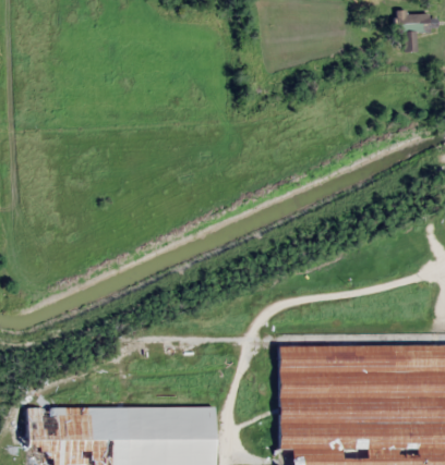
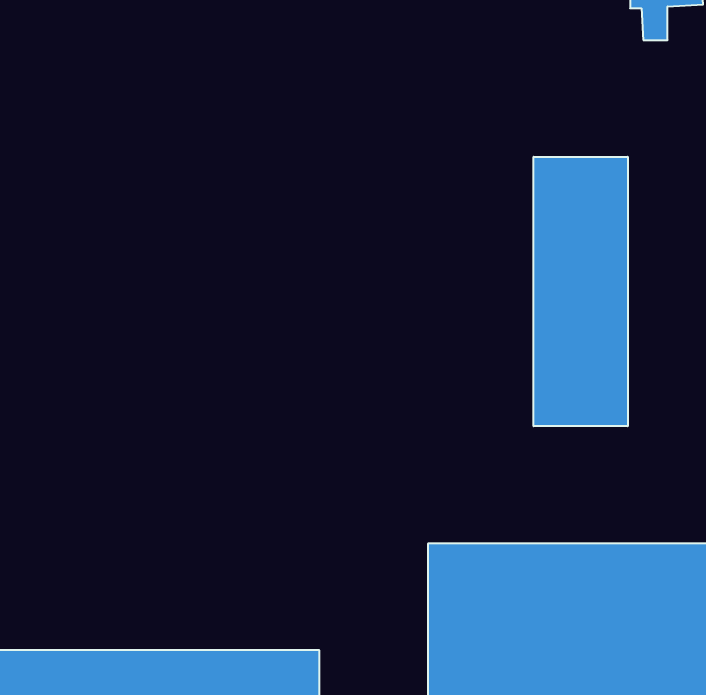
building: none -> [534,157,628,426]

